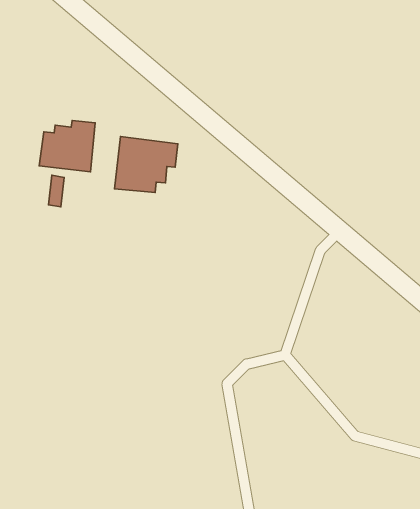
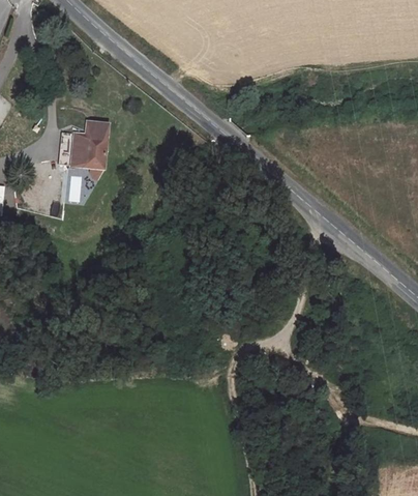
building: [115,137,178,193] -> none

